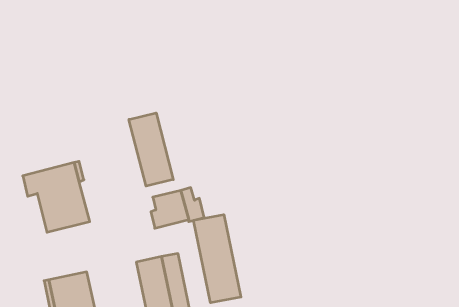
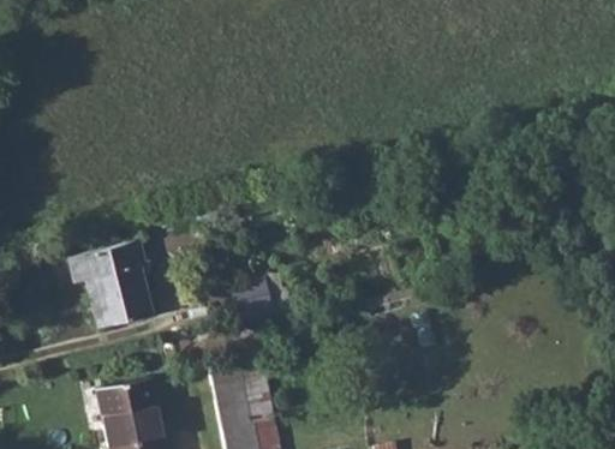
building: [129,113,173,186] -> none
building: [194,215,241,303] -> none

